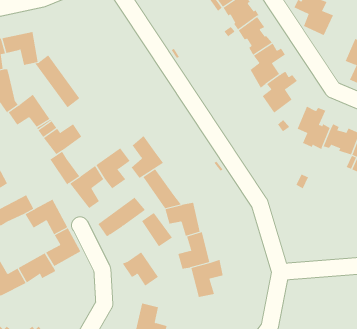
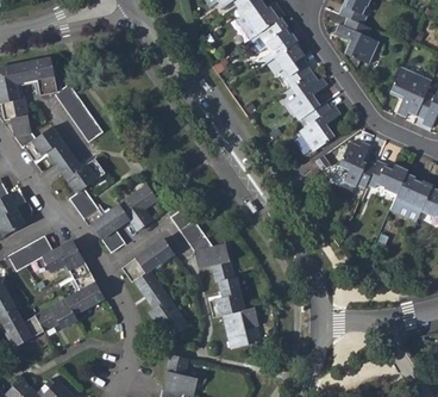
building: [131,135,164,179] -> none
building: [141,212,173,247] -> [134,271,169,309]

